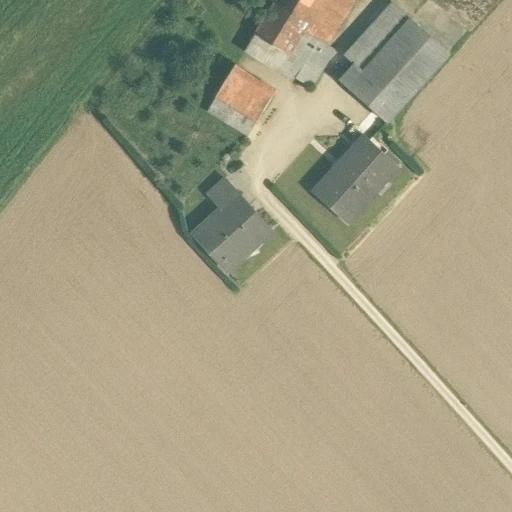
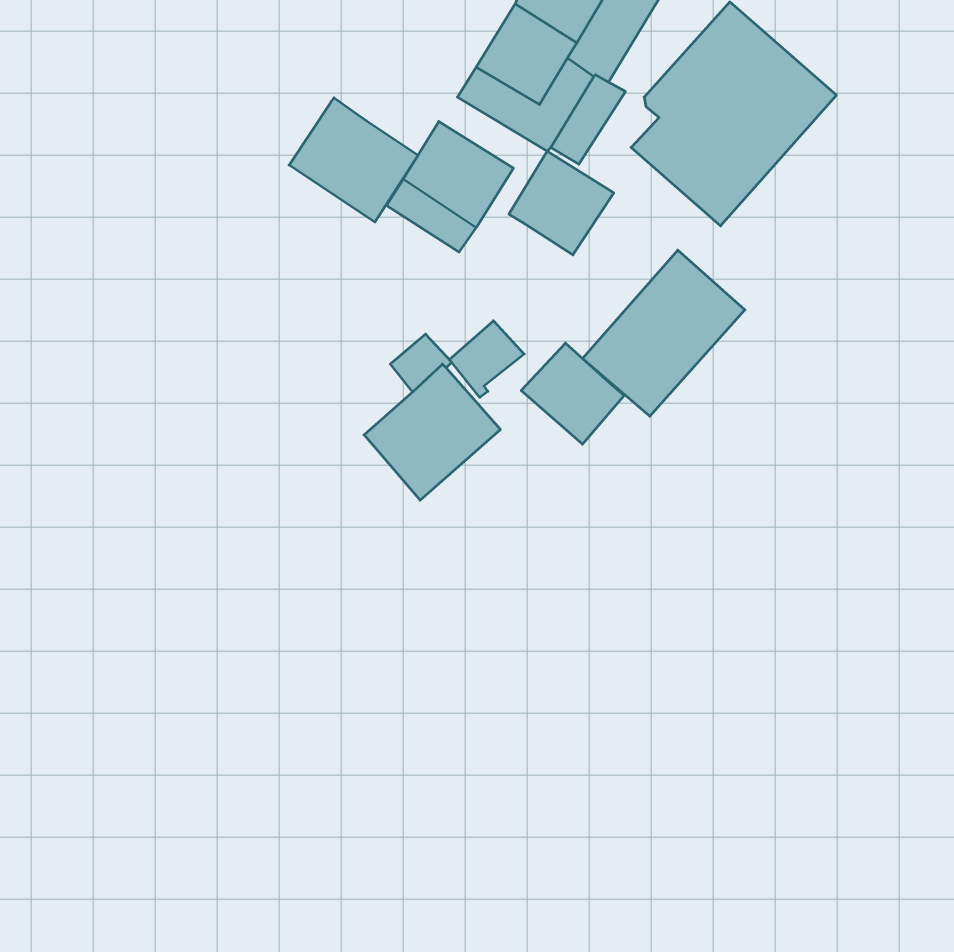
building: none -> [289,98,418,222]
building: none -> [509,151,614,255]
building: none -> [450,321,524,397]
building: none -> [521,343,624,444]

